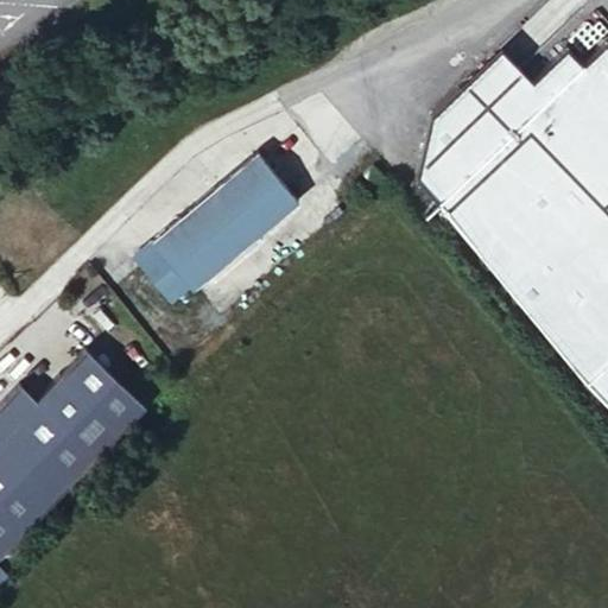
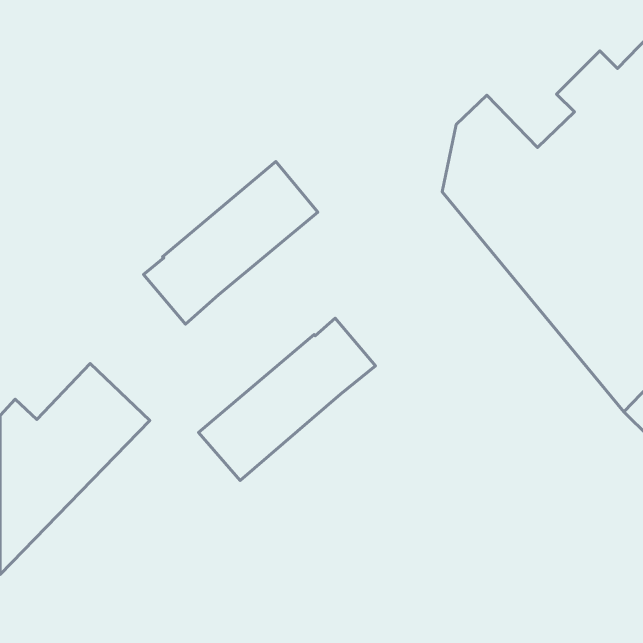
building: [461,62,543,144] -> none
building: none -> [198,318,376,480]

